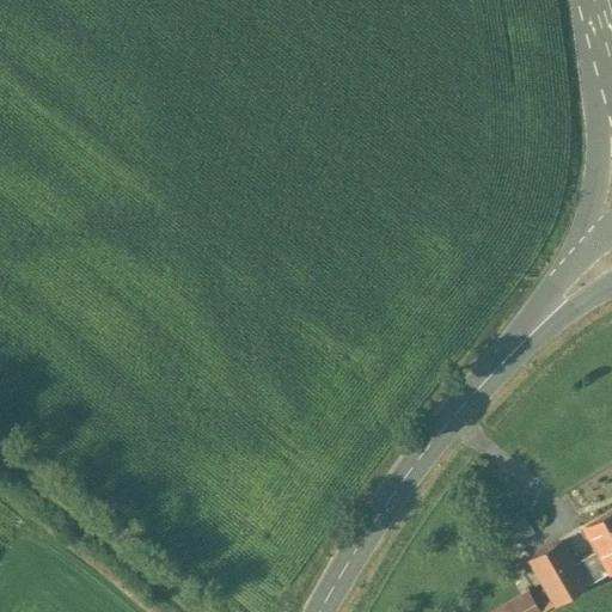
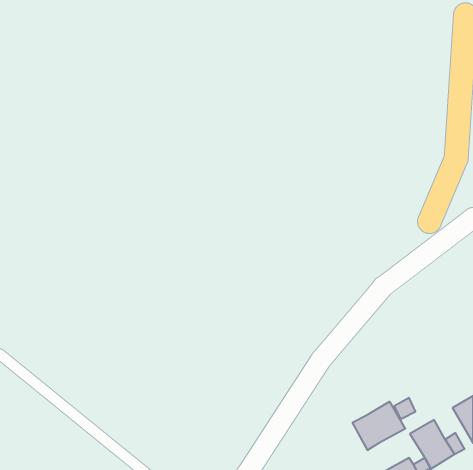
building: none -> [353,402,405,450]

